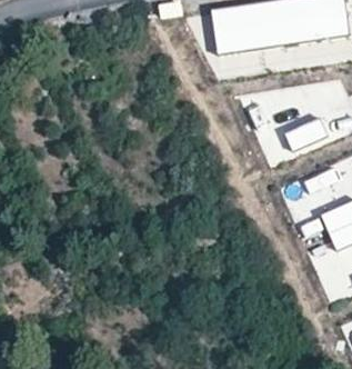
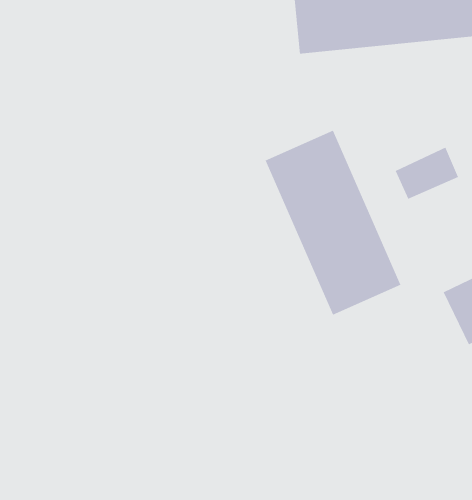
building: none -> [265,130,401,315]

